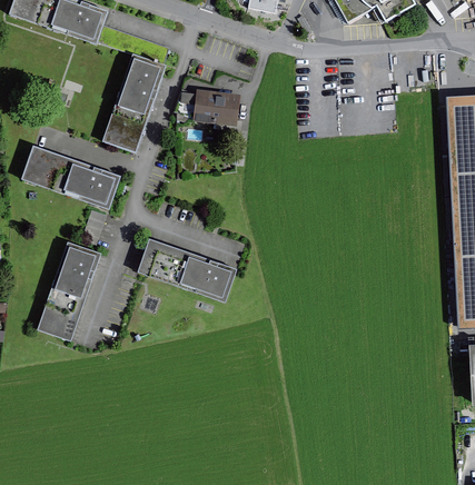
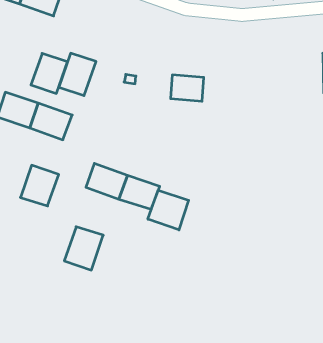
building: [118,53,166,106] -> [31,53,67,93]
building: [195,90,238,125] -> [171,75,204,101]
building: none -> [148,190,189,230]
building: [37,284,88,340] -> [64,227,103,270]

